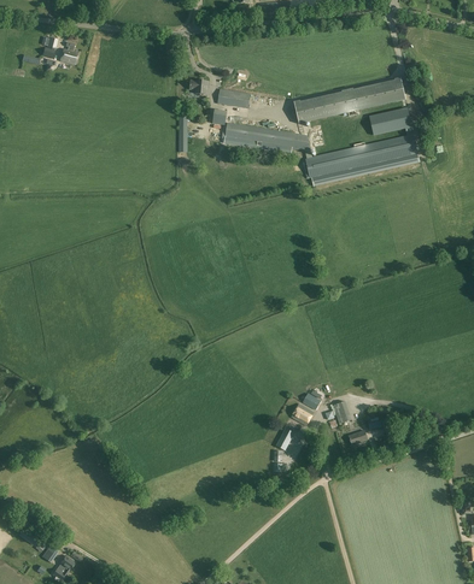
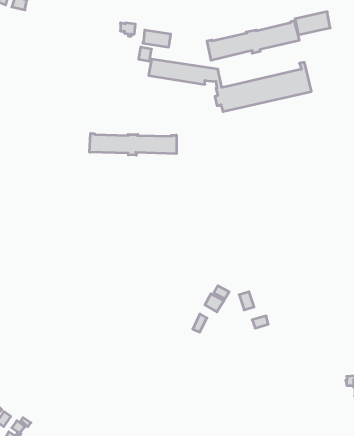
building: [369,106,411,134] -> [295,12,330,35]
building: none -> [90,133,176,155]

